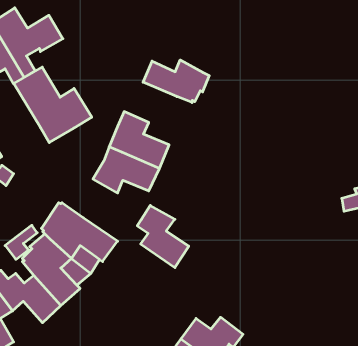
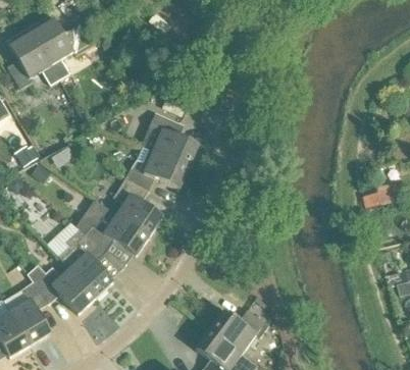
building: [143,60,209,103] -> none
building: [14,67,92,143] -> none
building: [137,205,189,268] -> [113,178,162,237]

